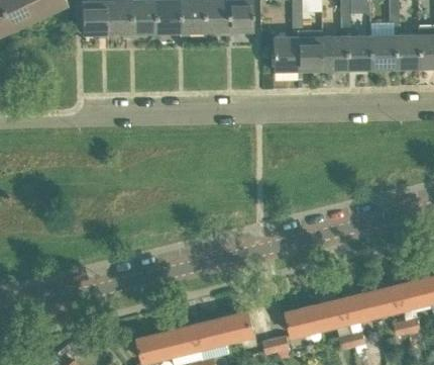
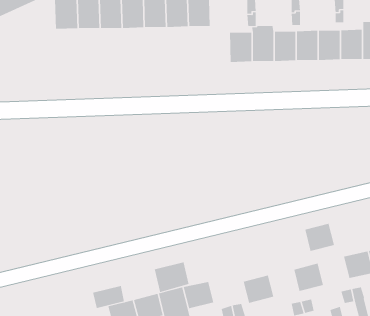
building: [368,285,402,316] -> [304,223,335,252]
building: none -> [154,262,189,293]
building: [314,299,347,330] -> none
building: none -> [92,285,124,309]

